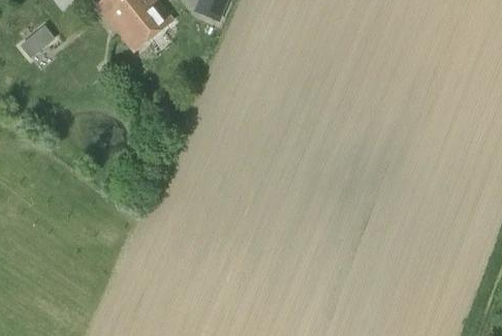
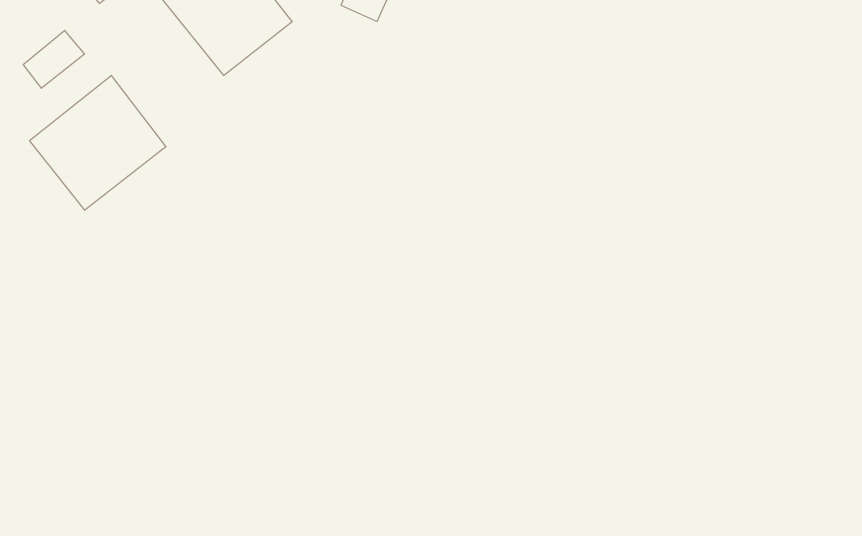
building: none -> [30,75,166,210]

